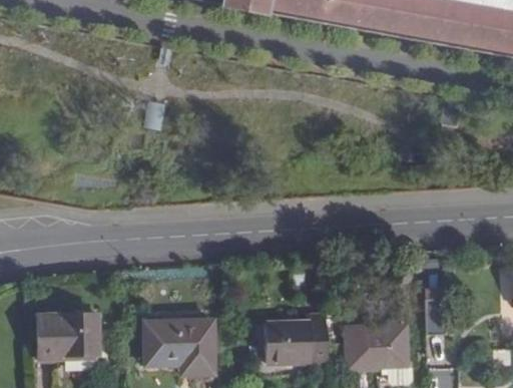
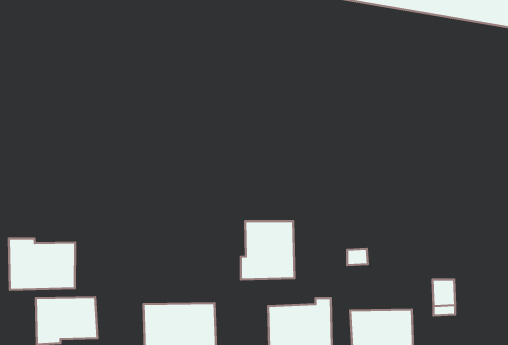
building: none -> [241,221,295,279]
building: none -> [9,239,75,290]

